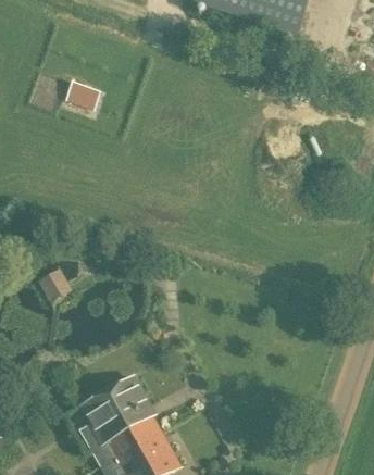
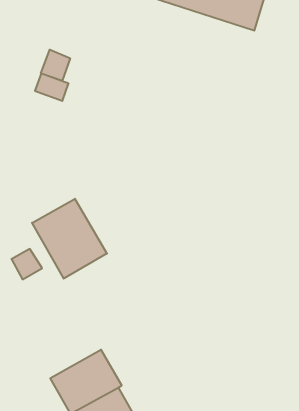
building: none -> [41,50,70,81]
building: none -> [32,199,107,279]

